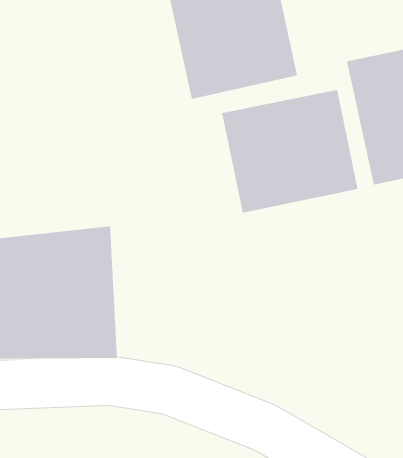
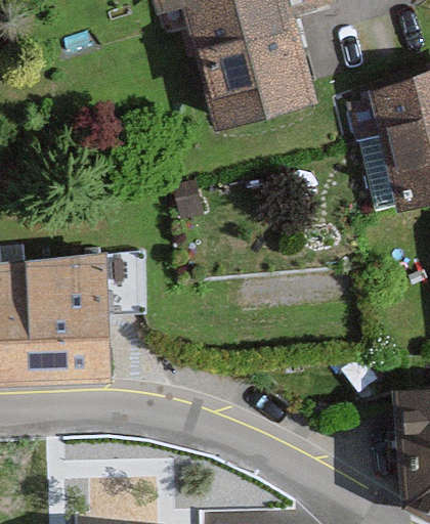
building: [222,89,358,213] -> none

